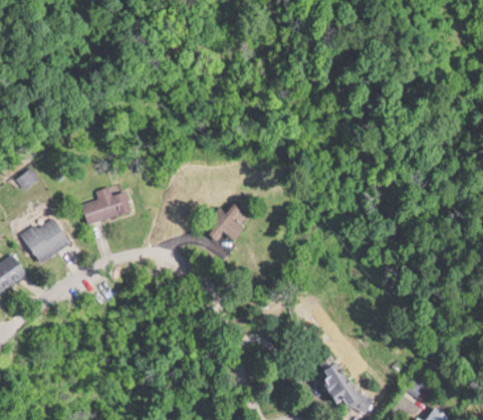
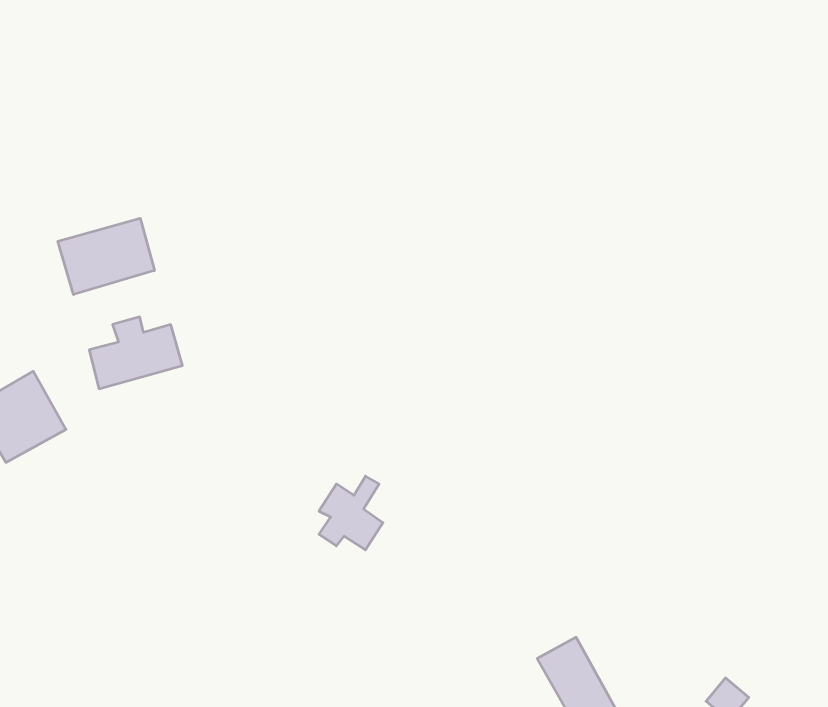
building: none -> [58,218,154,295]
building: [208,205,241,243] -> [319,476,383,550]

